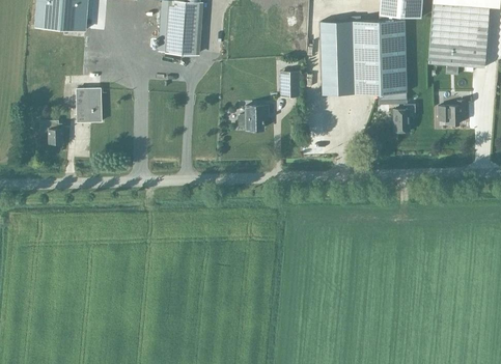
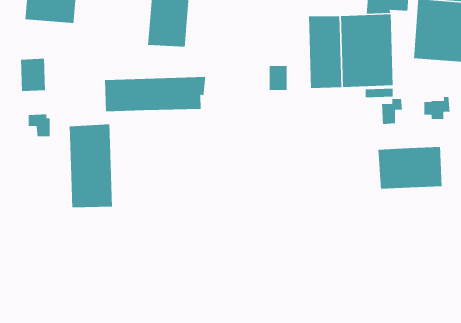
building: none -> [104,76,206,112]
building: [77,87,103,121] -> [20,58,46,92]
building: [239,105,269,130] -> none
building: none -> [69,124,113,208]
building: none -> [377,146,443,190]

